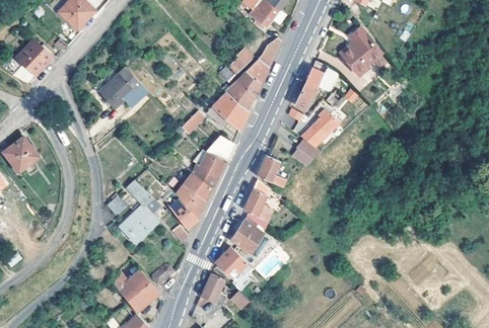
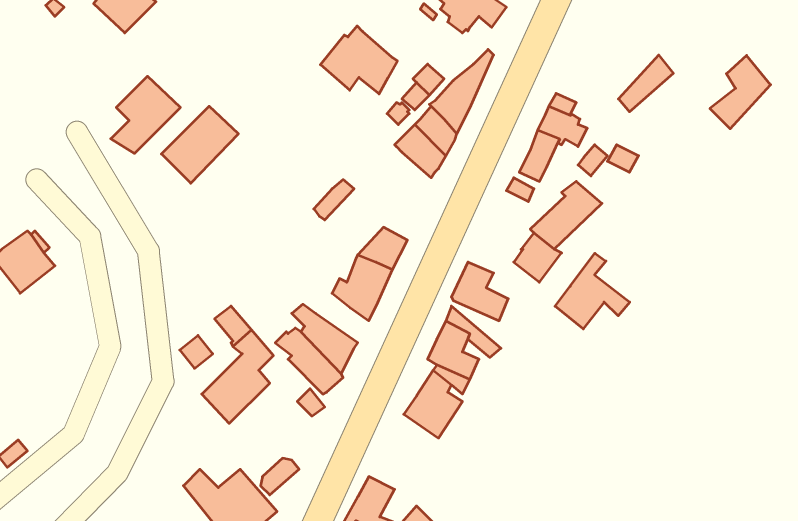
building: [339,24,372,65] -> [710,55,771,129]
building: [14,39,53,82] -> [111,76,180,153]
building: [207,91,250,129] -> [320,26,397,94]
building: none -> [555,253,630,329]
building: [176,166,212,199] -> none
building: [215,246,248,278] -> none

